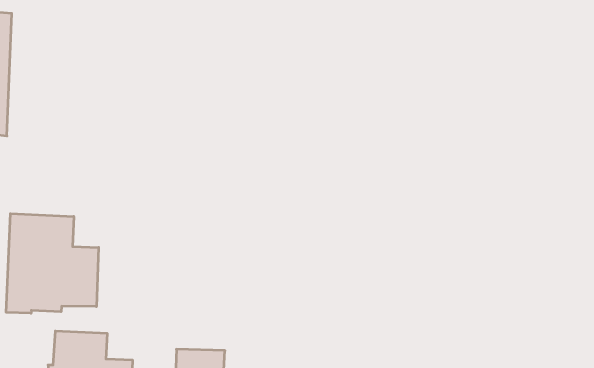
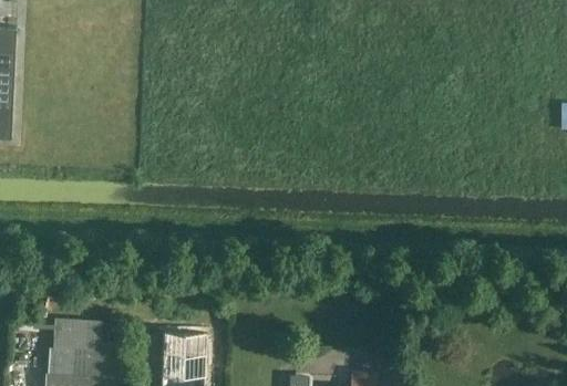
building: [6,214,99,313] -> none

